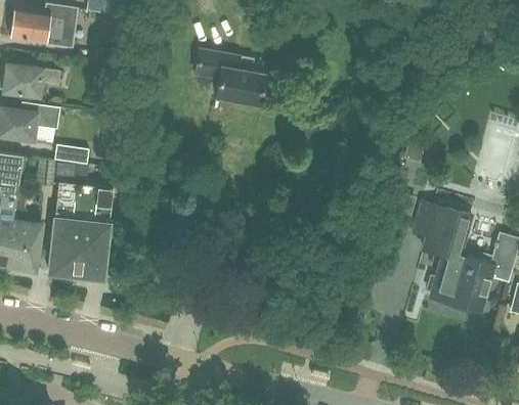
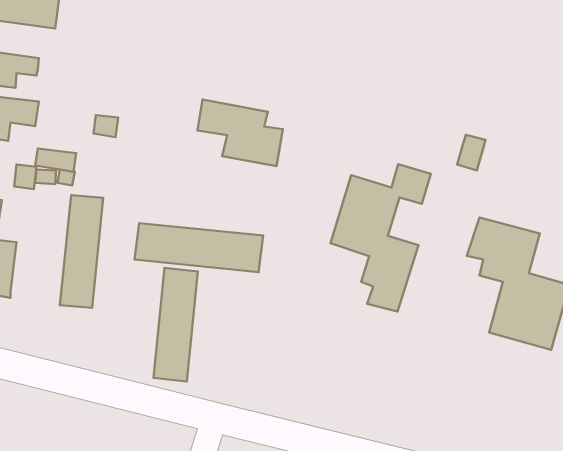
building: [193,50,264,105] -> [197,99,283,166]
building: none -> [330,164,431,311]
building: [47,182,84,276] -> [153,268,198,382]
building: none -> [135,223,263,272]

